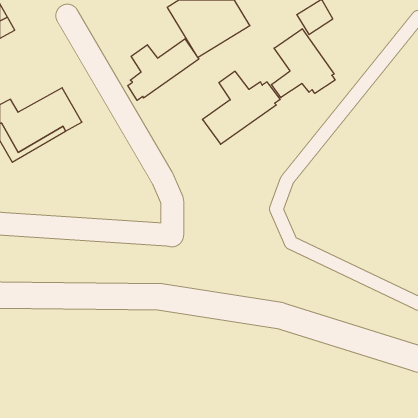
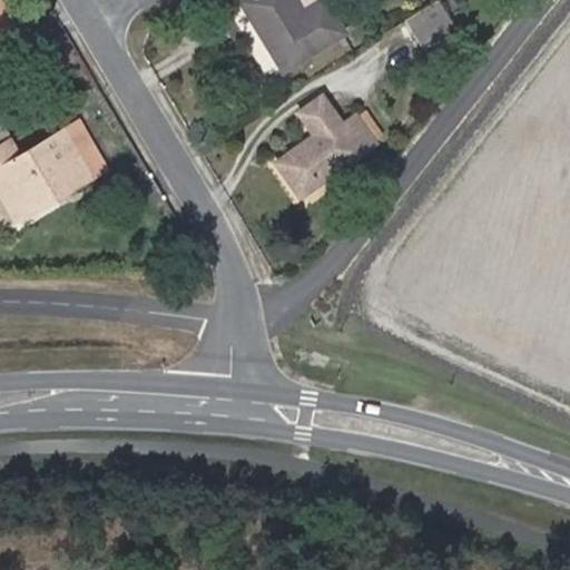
building: [271,29,335,98] -> none
building: [128,39,199,100] -> none

